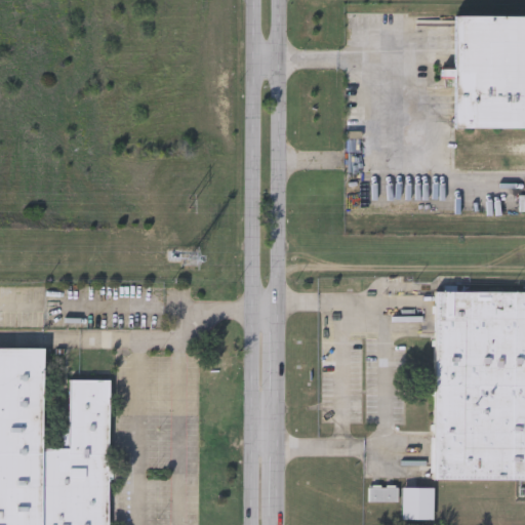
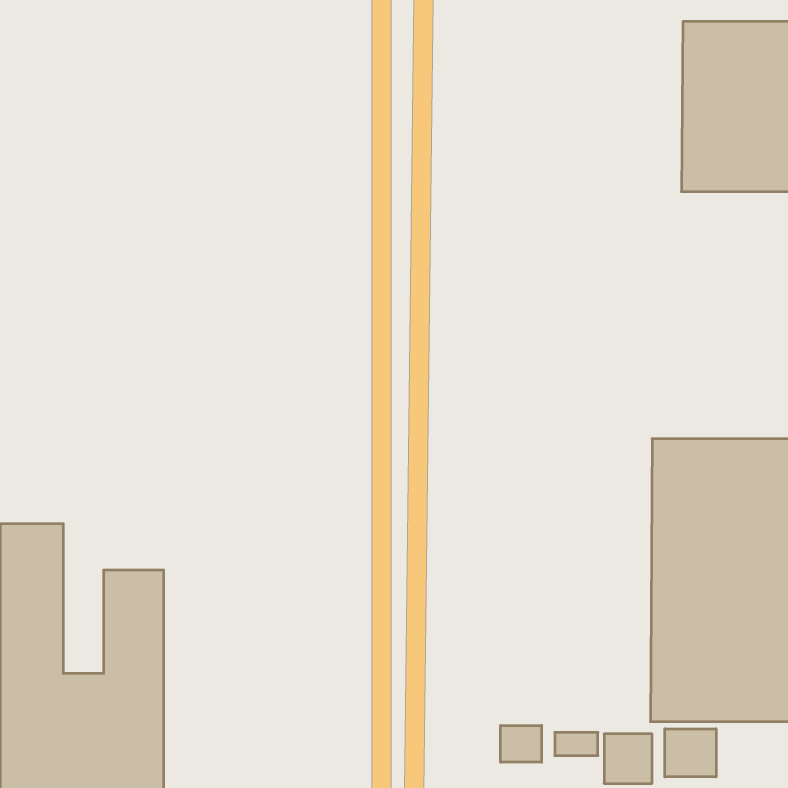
building: none -> [501,725,542,762]
building: none -> [665,729,716,777]

